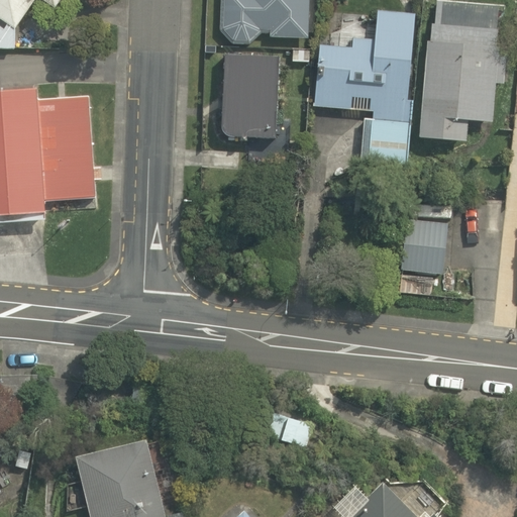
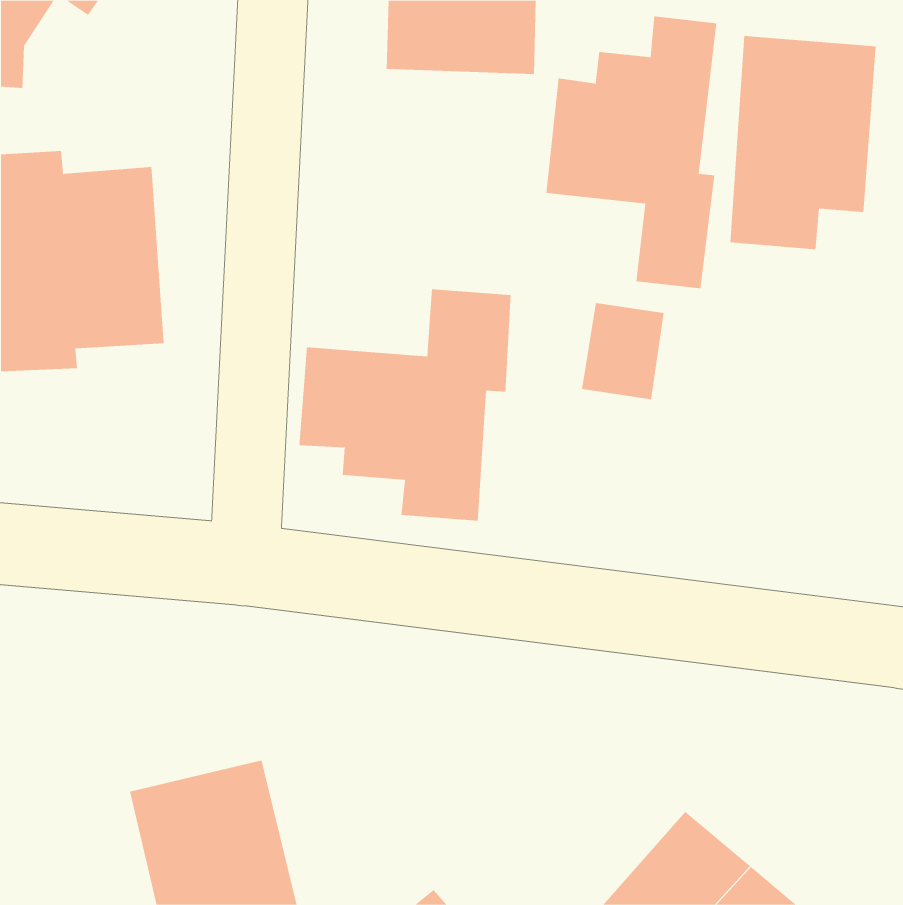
building: [221,55,283,138] -> none
building: none -> [299,288,511,521]
building: [401,216,448,272] -> [581,302,664,400]

